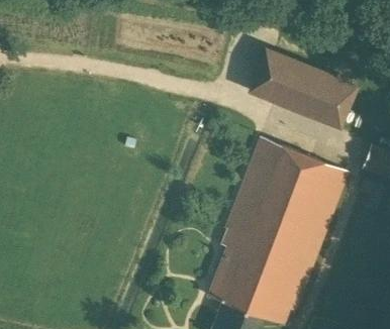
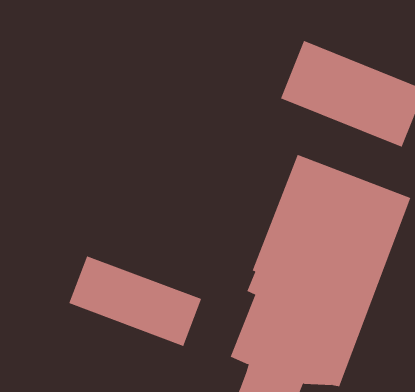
building: none -> [69,255,202,347]

